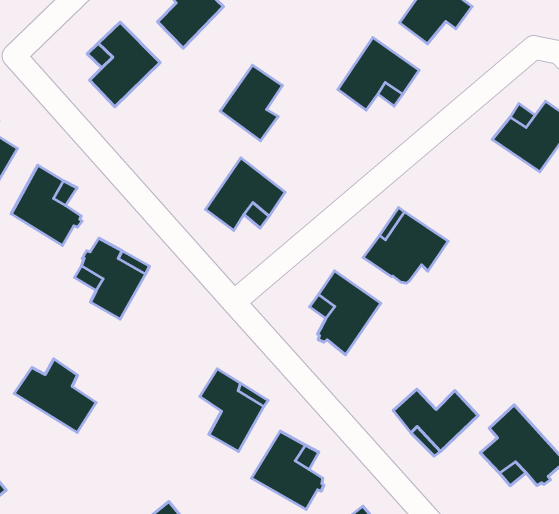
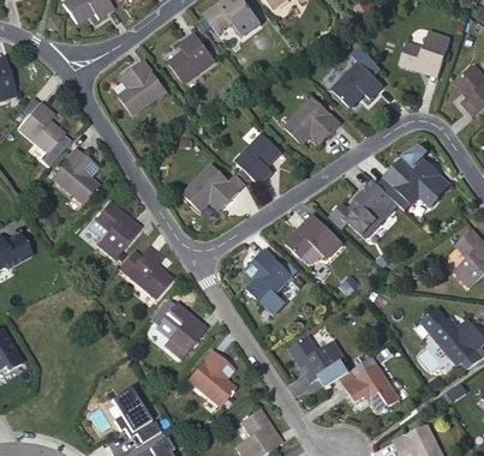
building: [220,65,282,141] -> [234,133,279,185]
building: none -> [346,180,398,238]
building: [14,359,96,432] -> [116,246,171,298]

